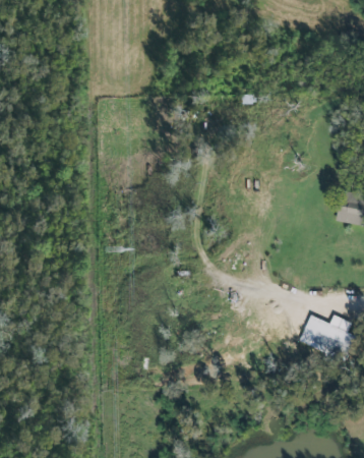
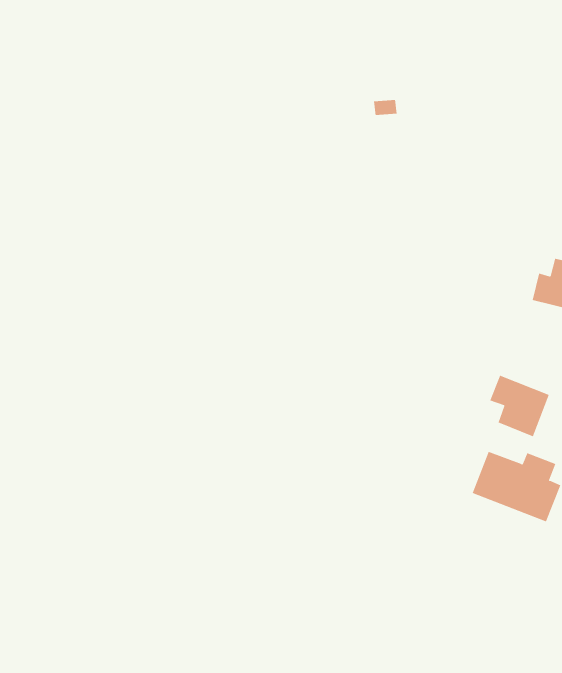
building: none -> [490,375,549,437]

